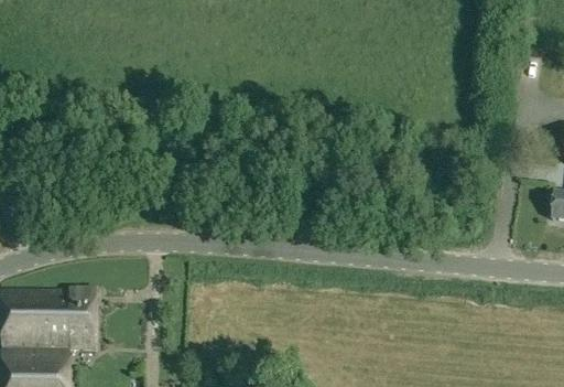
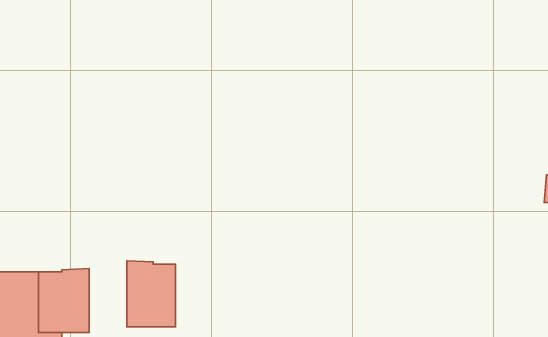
building: none -> [127,261,175,327]

